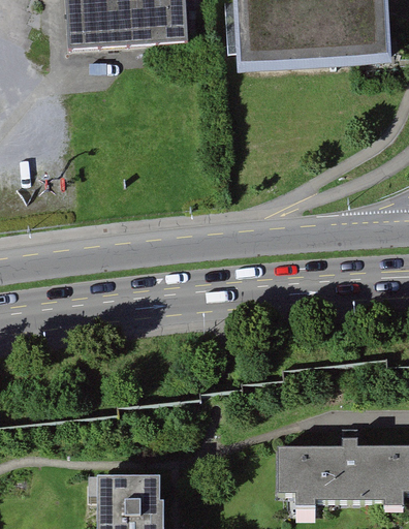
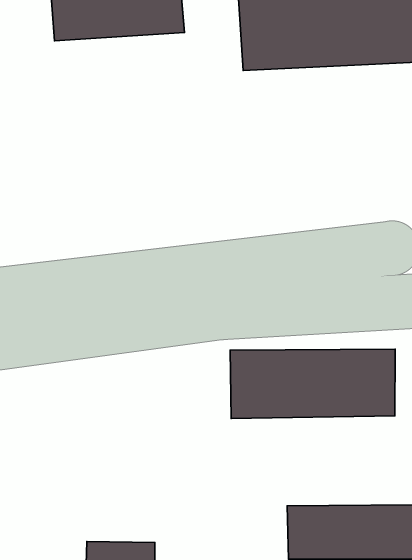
building: none -> [230,349,395,419]

